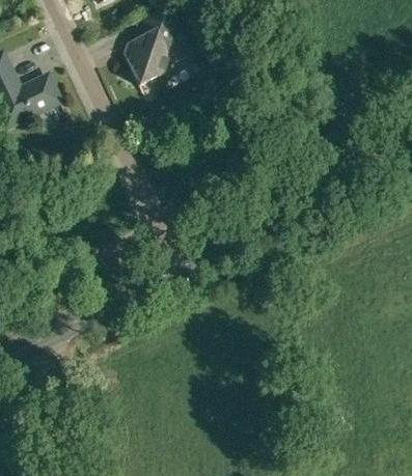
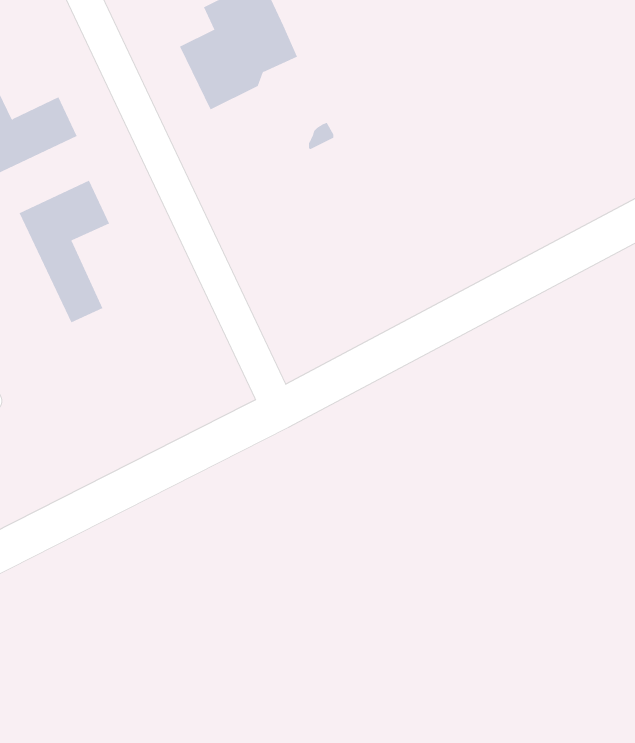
building: none -> [19,180,110,323]

